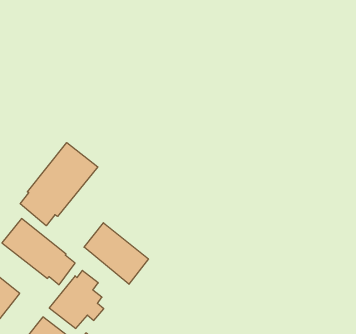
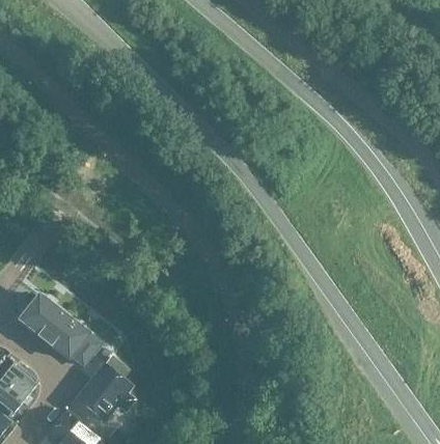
building: [20,143,98,226] -> none
building: [84,223,148,284] -> none

